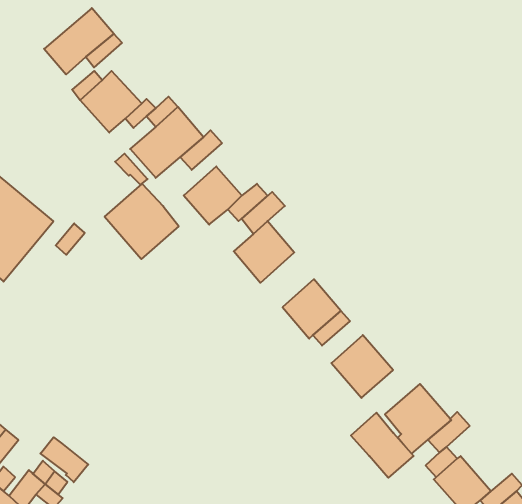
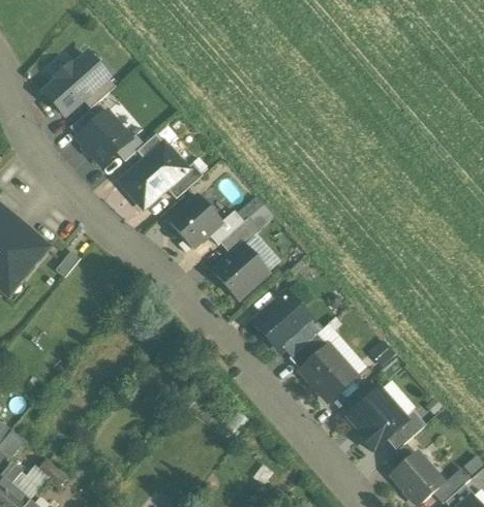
building: [105,184,179,259] -> none
building: none -> [290,332,329,370]
building: [351,413,414,478] -> none
building: [40,437,88,482] -> none

